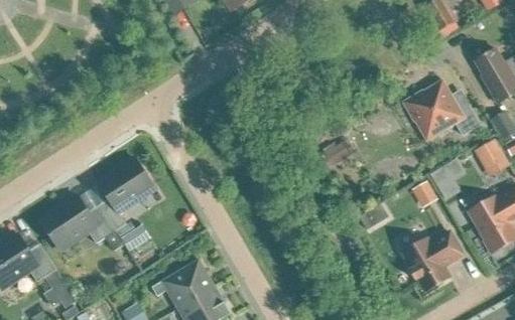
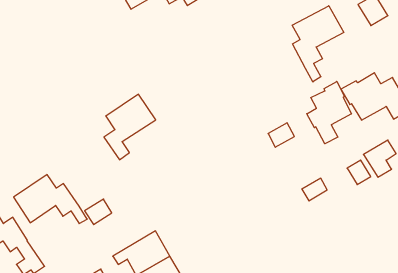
building: none -> [292,6,344,82]
building: none -> [307,81,351,144]
building: [97,159,154,231] -> [104,94,156,160]
building: [403,231,464,291] -> none

